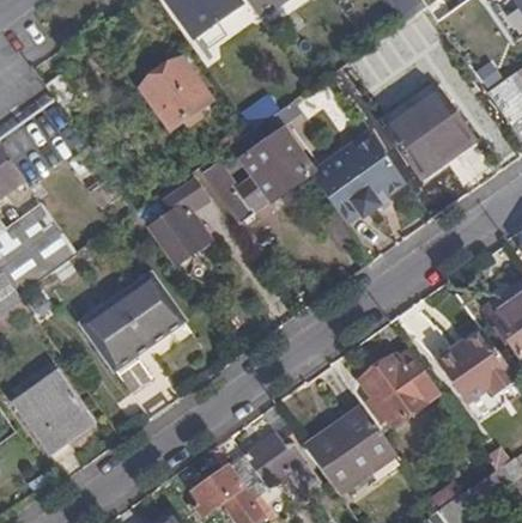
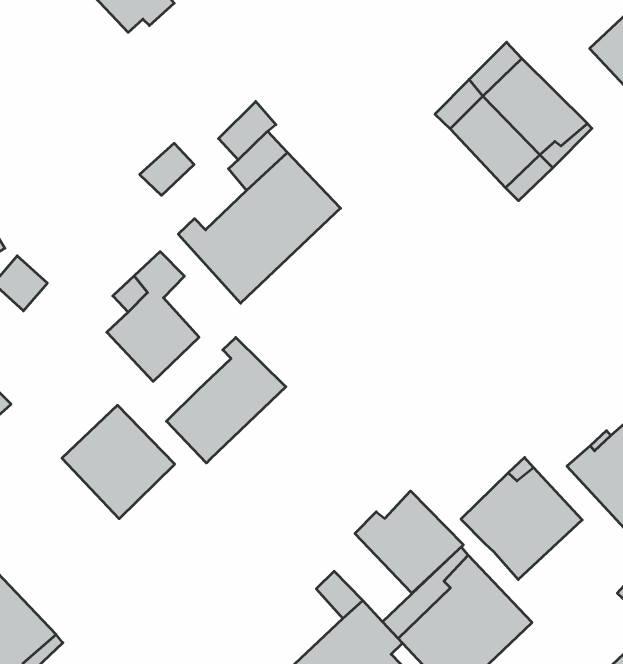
building: [140,59,210,129] -> none
building: [308,129,403,221] -> none
building: none -> [166,337,286,463]
building: [81,304,140,369] -> none
building: none -> [355,491,463,593]

